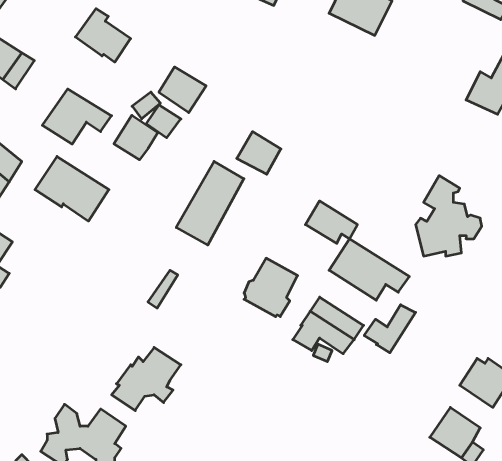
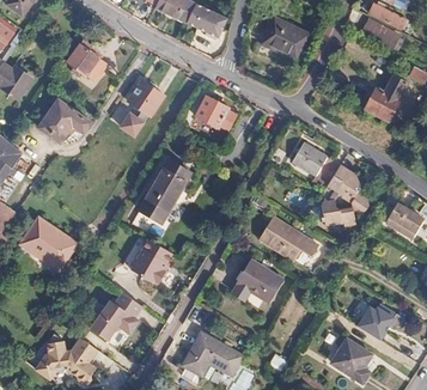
building: [114,115,158,160] -> none
building: [237,132,281,174] -> [199,95,232,127]
building: [35,156,109,221] -> [23,221,79,270]
building: [305,201,357,243] -> [300,146,340,178]
building: [244,258,298,317] -> [134,238,175,282]
building: [364,305,416,353] -> none
building: none -> [182,333,244,377]

